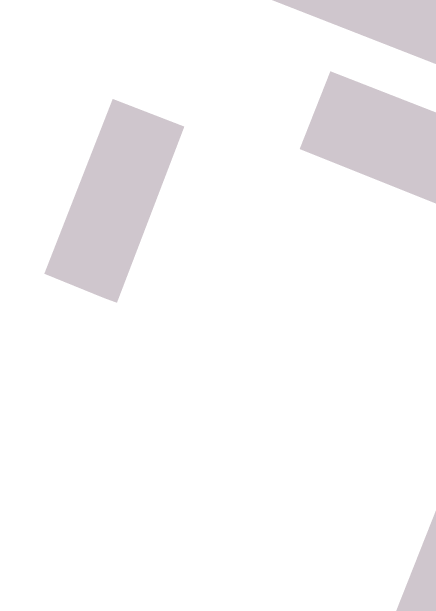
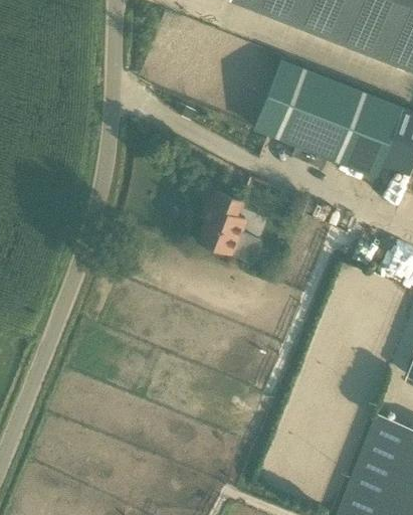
building: [43,98,186,304] -> none
building: none -> [198,188,260,261]

